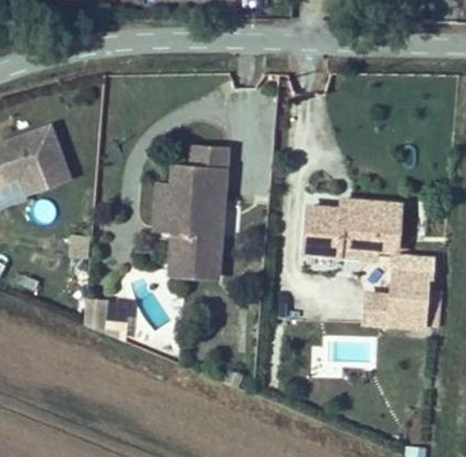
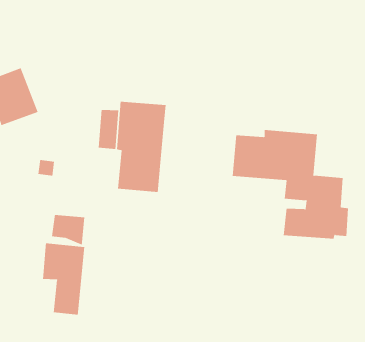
building: [186,144,229,170] -> none
building: none -> [42,242,85,315]

